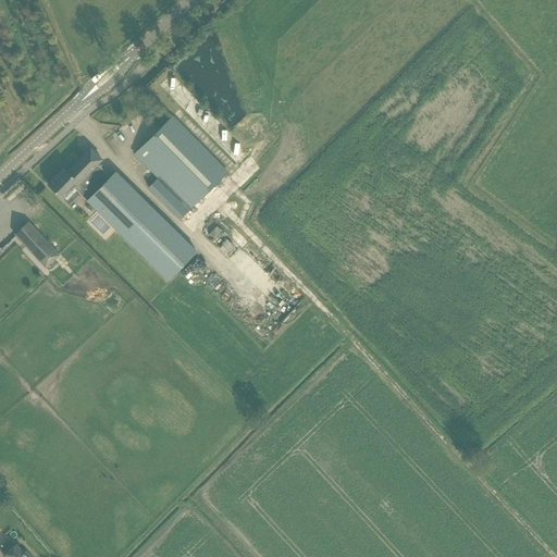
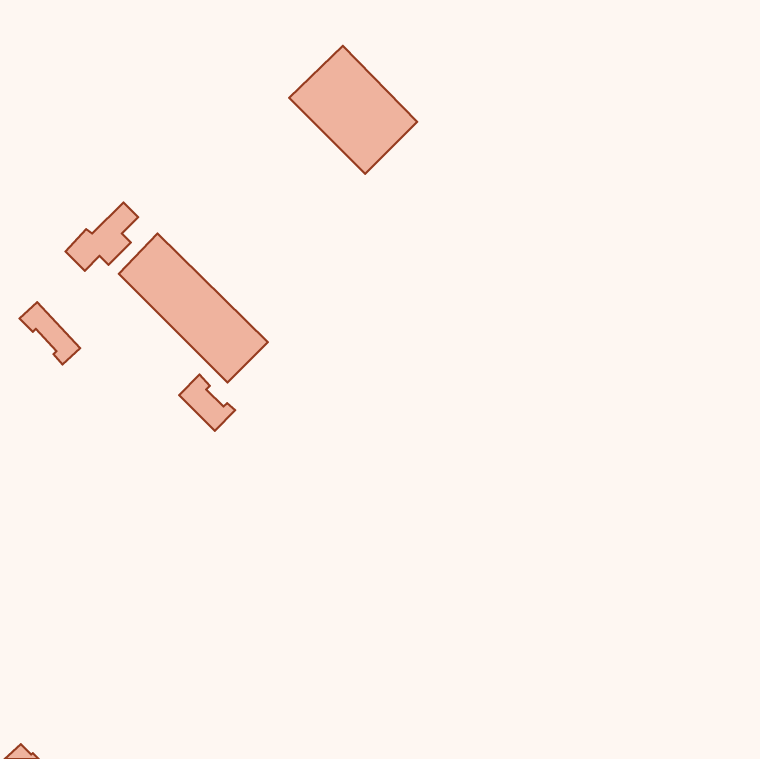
building: [134,115,227,209] -> [289,46,417,174]
building: none -> [179,375,235,431]

